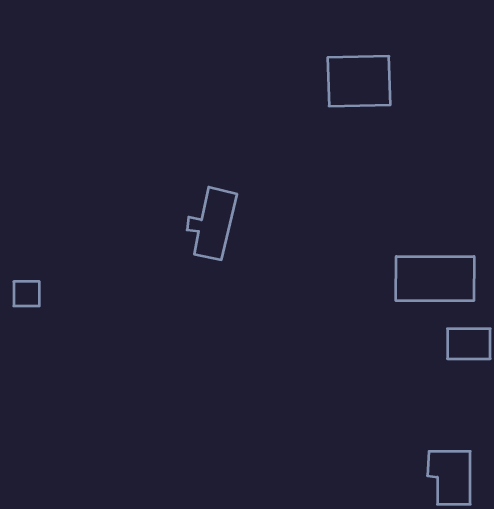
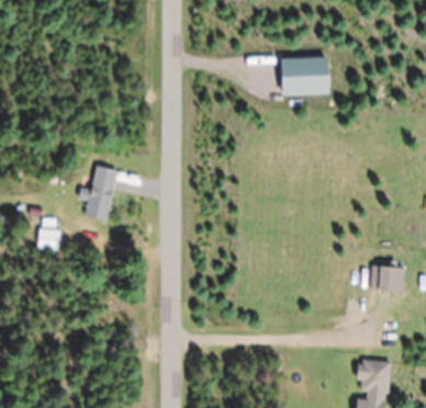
building: [187,187,237,260] -> [80,166,118,222]
building: [396,256,474,301] -> none

